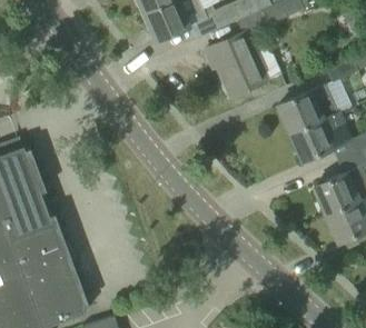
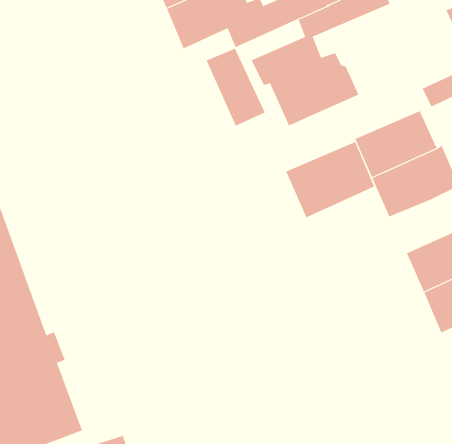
building: none -> [206,48,265,127]
building: none -> [286,141,375,218]

